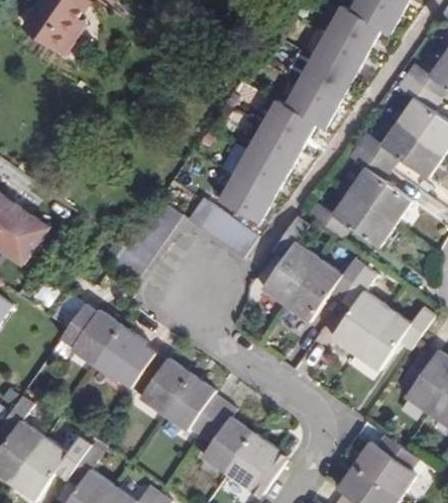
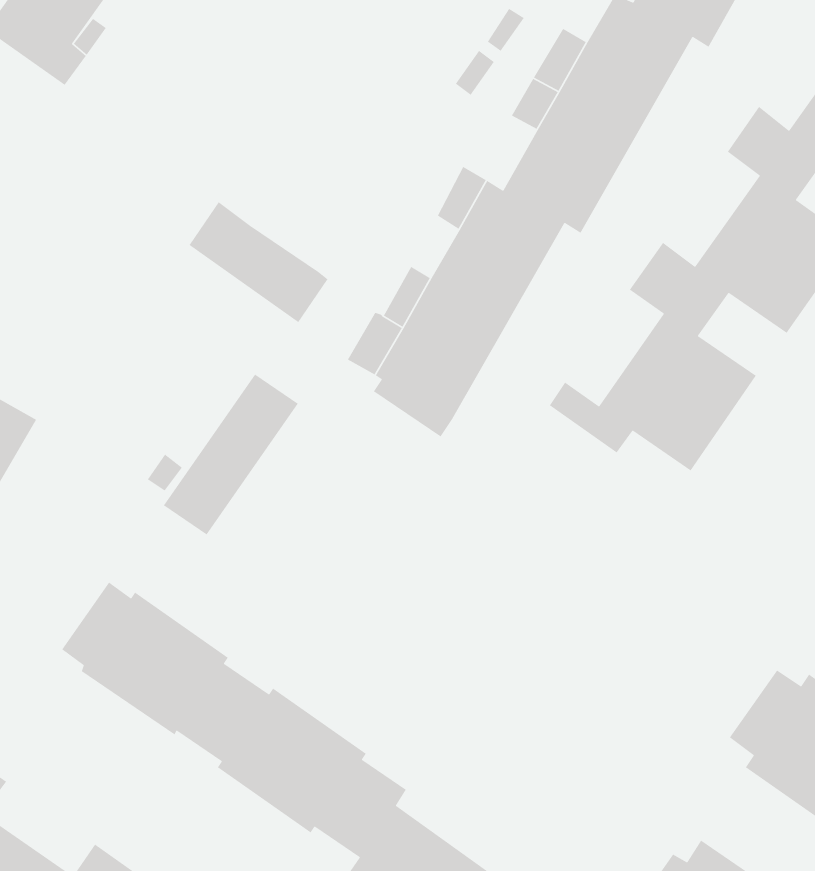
building: [188,196,258,258] -> [188,201,328,323]
building: [263,217,436,371] -> none

